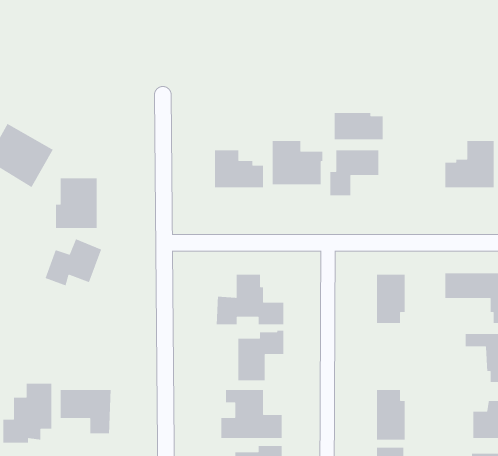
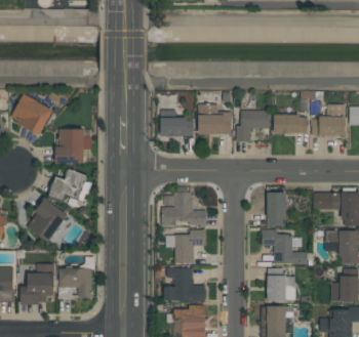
building: [334,112,384,140] -> [274,116,307,134]
building: none -> [27,198,68,243]
building: none -> [262,230,308,264]

